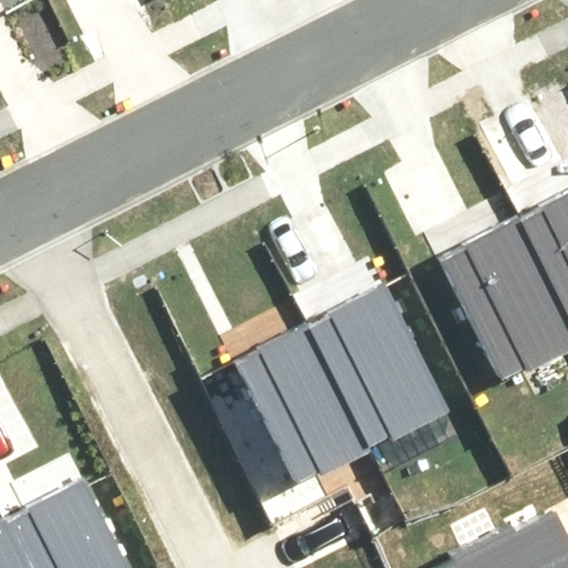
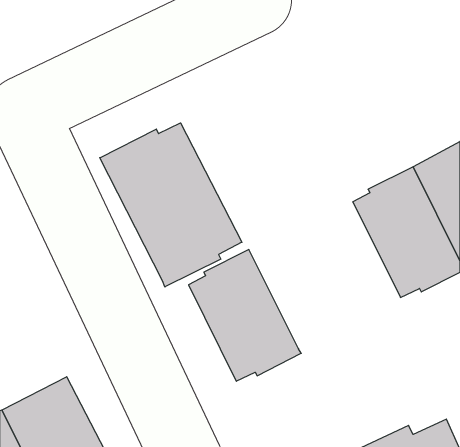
building: none -> [100,123,242,287]
building: [306,283,453,446] -> none

